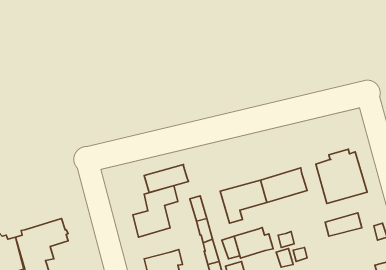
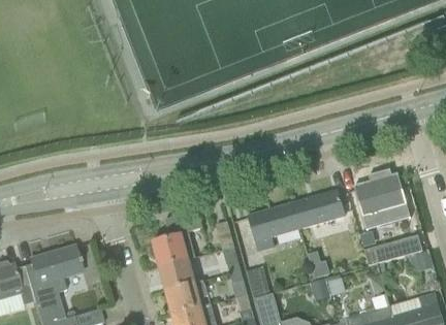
building: [144,165,189,193] -> none
building: [234,228,273,258] -> none
building: none -> [158,256,193,290]

